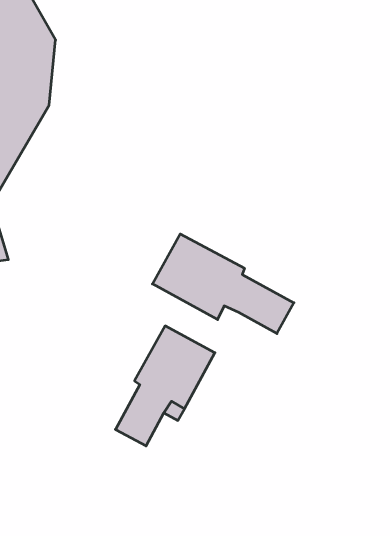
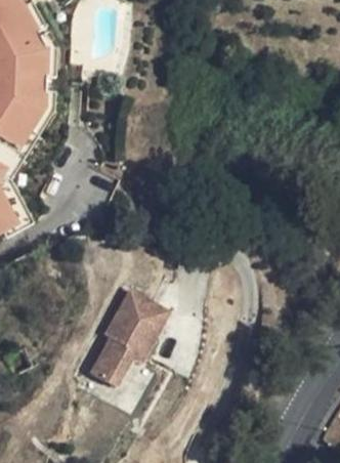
building: [152,234,294,334] -> none

